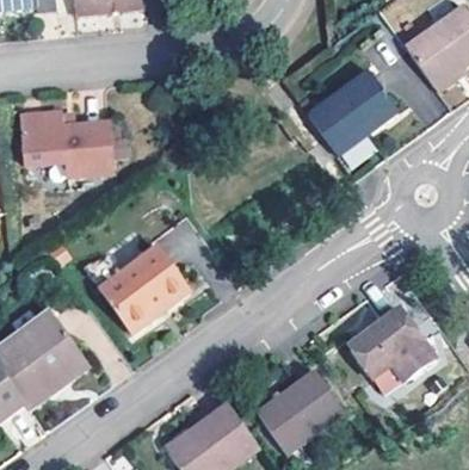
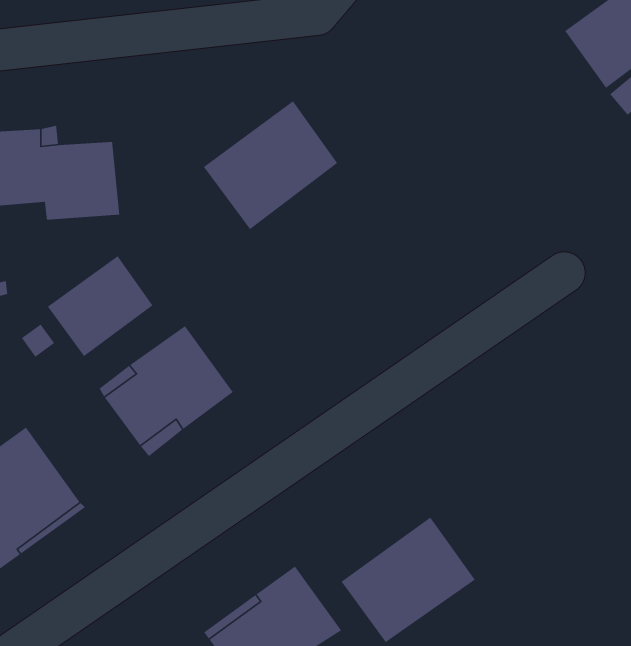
building: [307,70,396,156] -> [203,100,338,230]
building: none -> [47,255,153,357]
building: [348,309,432,378] -> none

